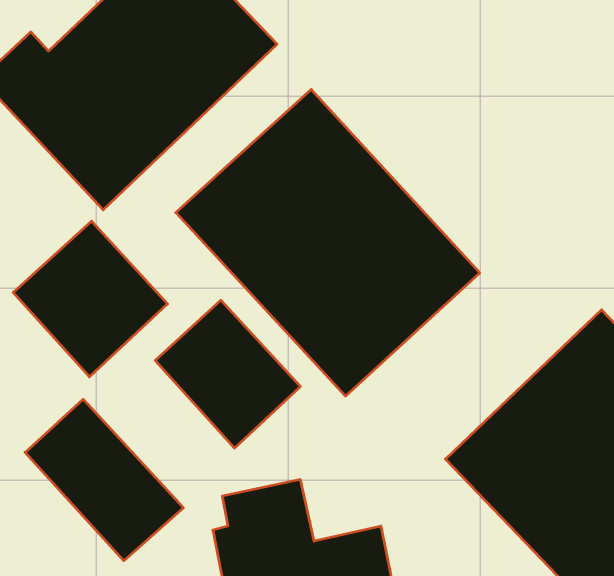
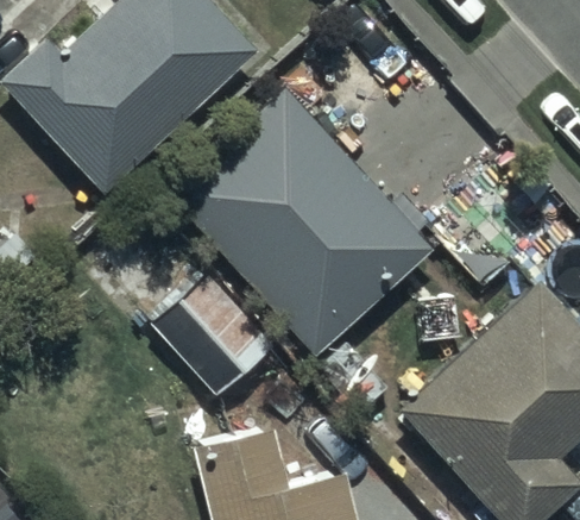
building: [13,221,168,377] -> none
building: [25,399,183,561] -> none

